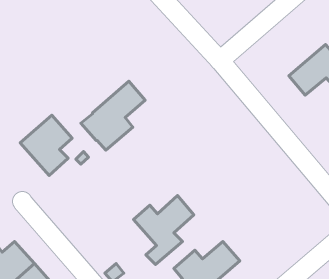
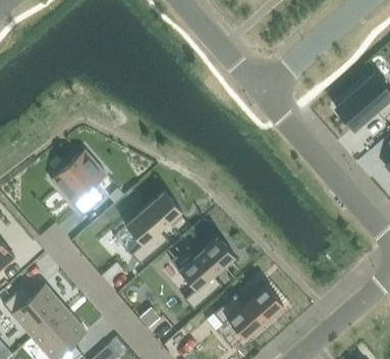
building: [81,81,145,150] -> [113,191,181,264]

